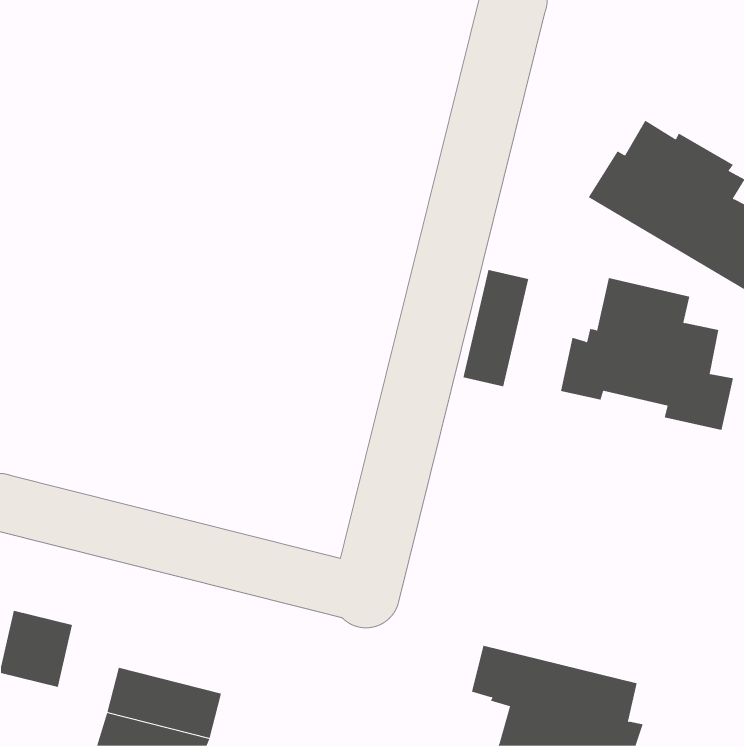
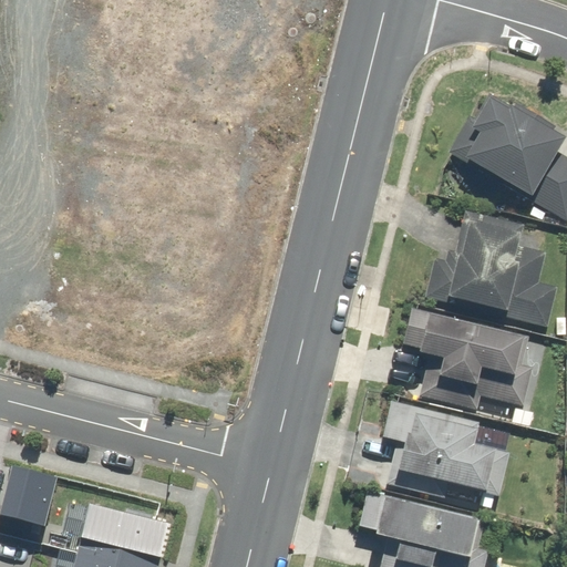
building: [463,269,529,387] -> none
building: none -> [402,308,534,411]
building: none -> [381,401,511,498]

